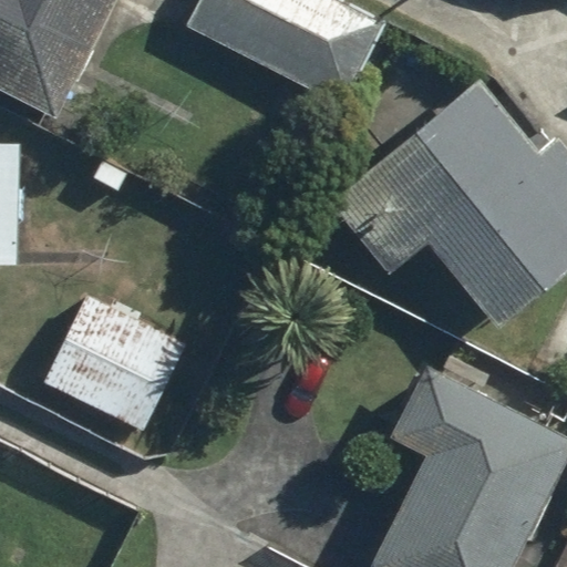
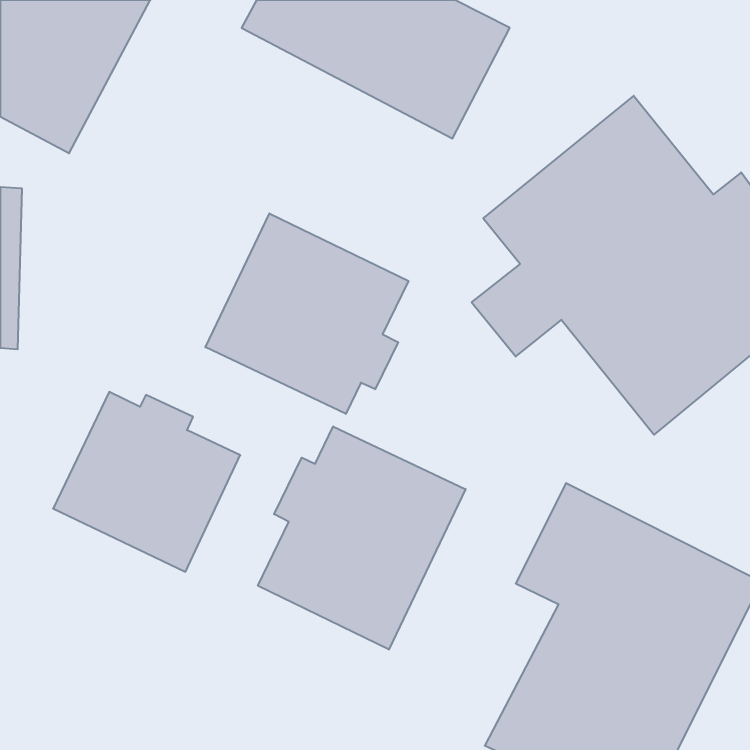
building: none -> [205,213,408,414]
building: none -> [258,426,466,650]

